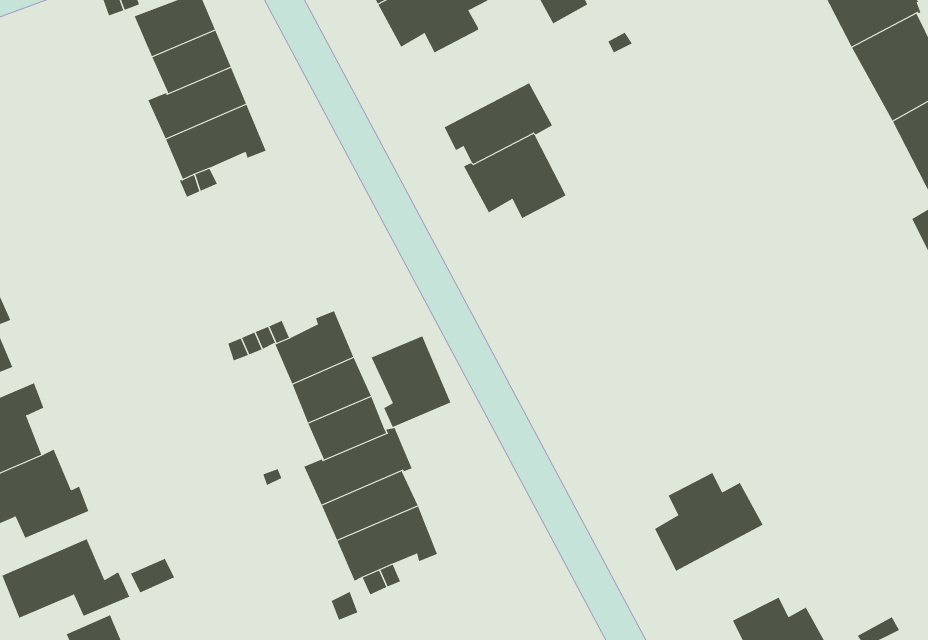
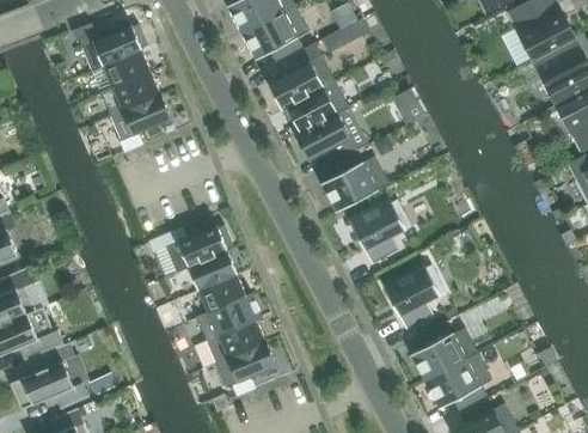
building: none -> [268,42,335,109]
building: none -> [320,151,390,212]
building: none -> [349,199,411,263]
building: [371,335,451,428] -> none
building: none -> [382,263,446,329]
building: none -> [424,353,492,411]

